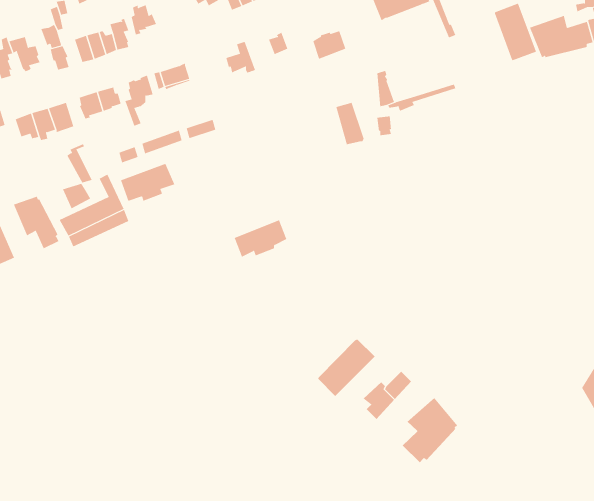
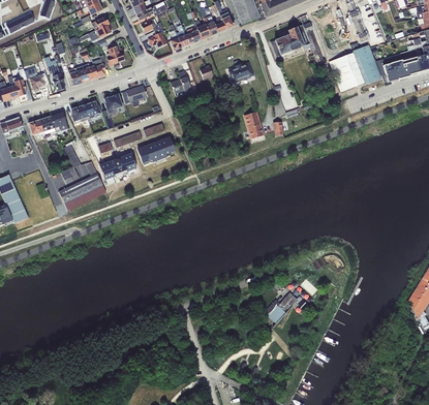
building: none -> [329,51,364,90]
building: [13,196,59,249] -> none
building: [234,219,287,258] -> [137,135,174,161]
building: [317,339,375,397] -> none
building: [402,397,458,463] -> none

